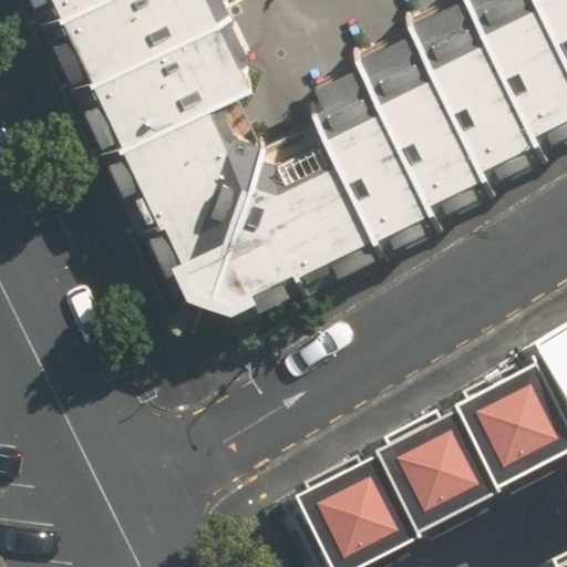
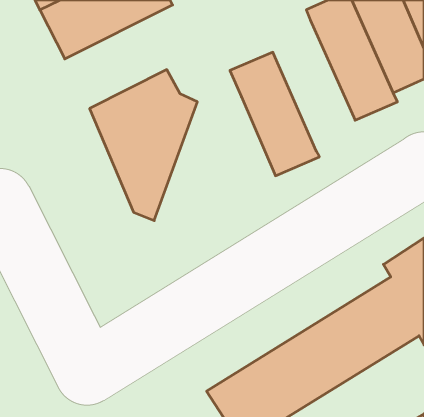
building: [86,16,264,154] -> none
building: [357,35,481,210] -> none
building: [206,138,368,313] -> none

